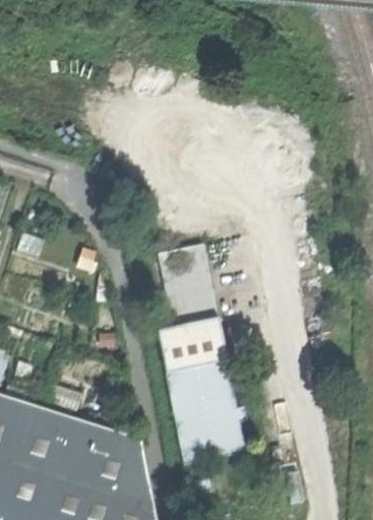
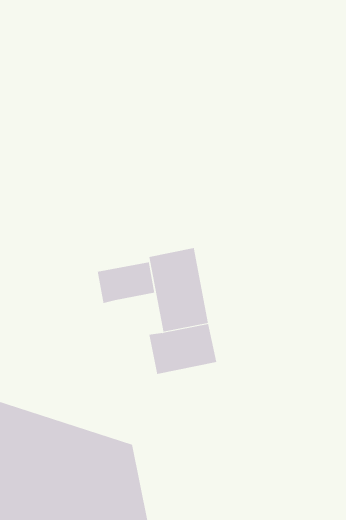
building: none -> [97,261,155,304]
building: [166,360,246,465] -> none

